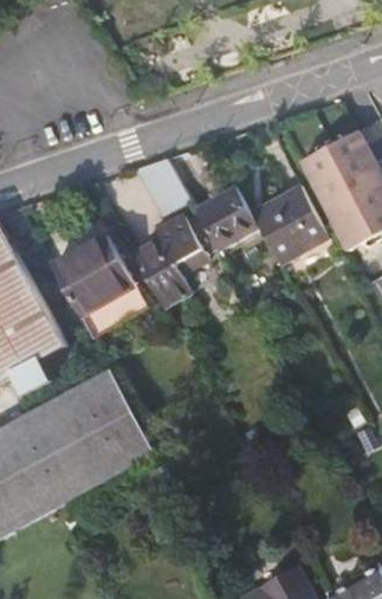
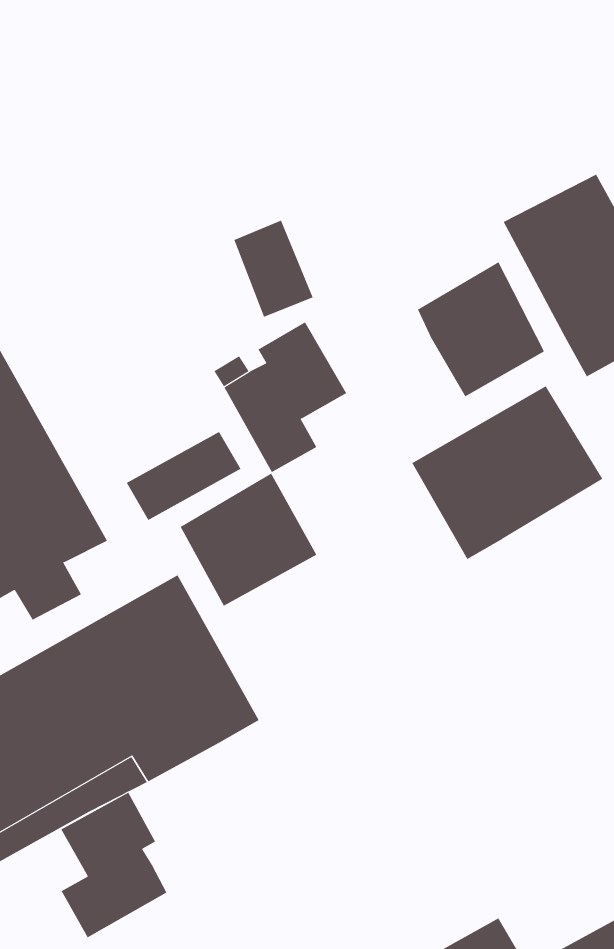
building: [196,186,258,249] -> none
building: [51,233,132,313] -> [180,473,317,607]
building: none -> [411,386,603,560]
building: none -> [61,792,167,938]

